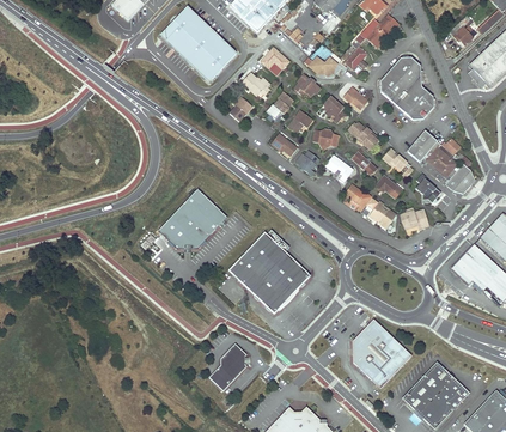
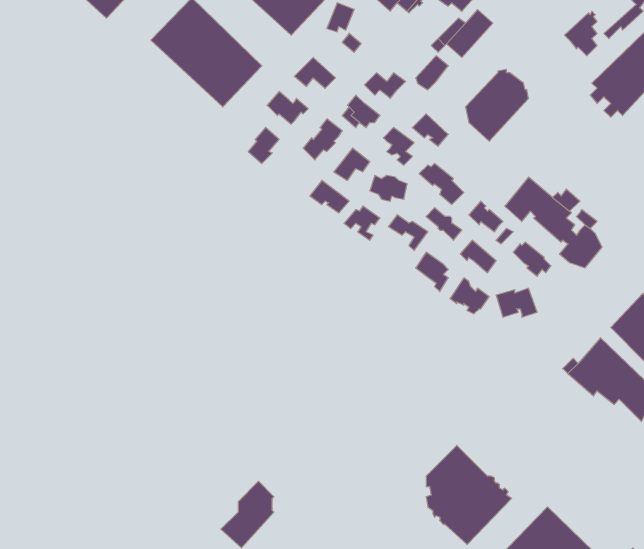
building: [396,75,437,120] -> none
building: [158,188,227,248] -> none
building: [228,231,310,312] -> none

